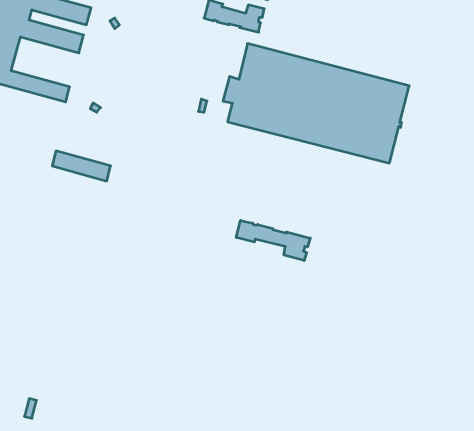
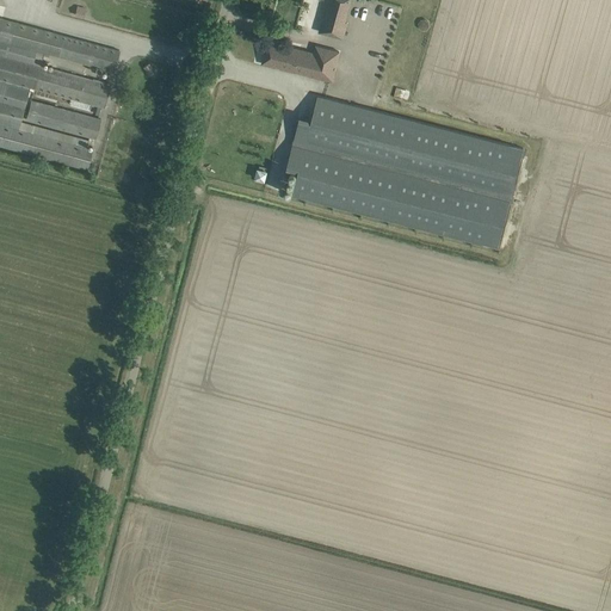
building: [52,151,111,181] -> [25,101,99,140]
building: [236,220,310,261] -> none

